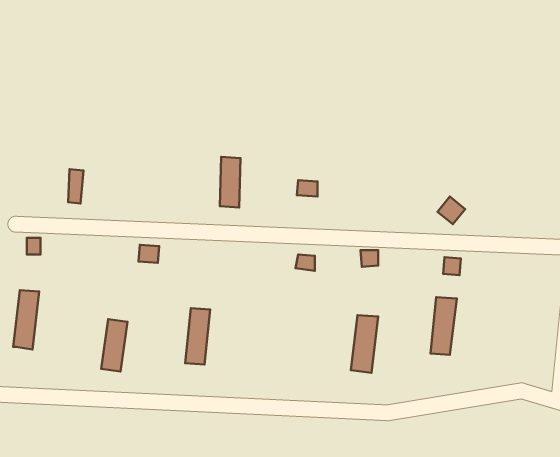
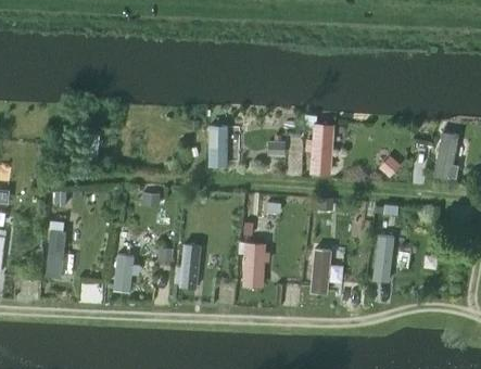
building: none -> [312,123,332,176]
building: none -> [433,131,459,180]
building: none -> [244,242,264,287]

